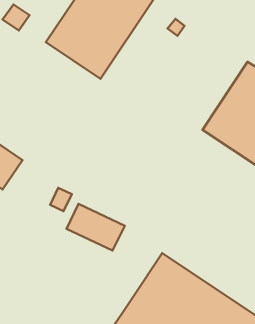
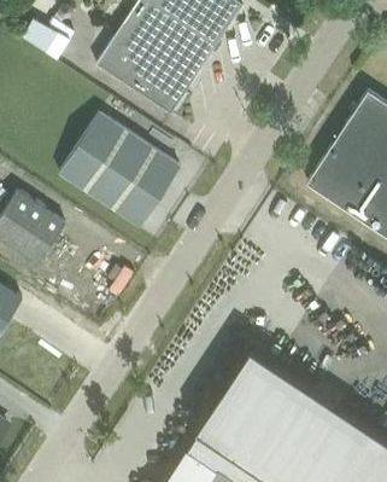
building: none -> [59,114,180,227]
building: [67,204,125,251] -> none

